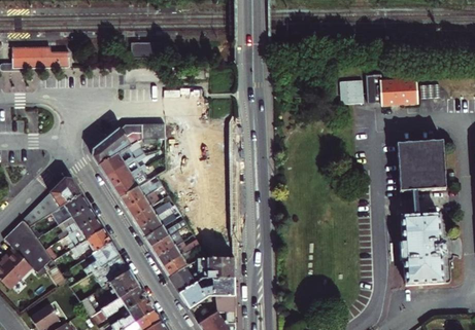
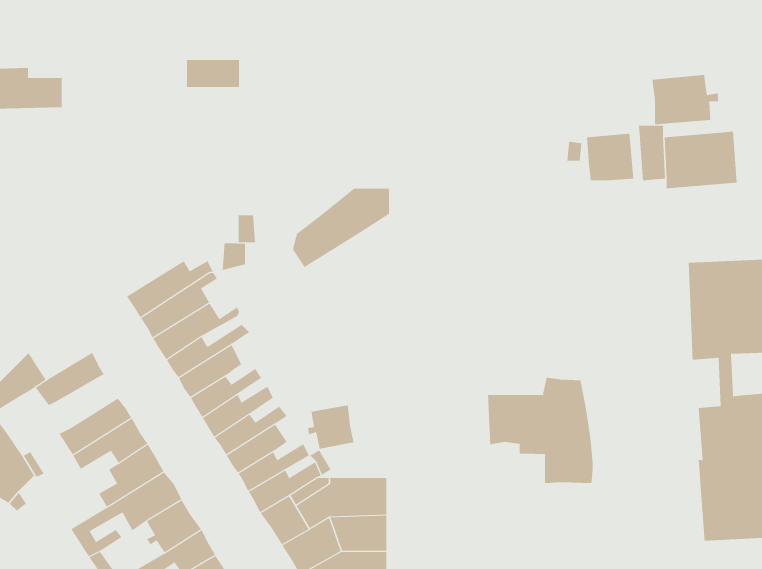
building: none -> [652,74,719,125]
building: [95,123,145,164] -> [292,188,390,268]
building: [50,177,83,208] -> none
building: [65,205,97,232] -> none
building: none -> [488,377,593,484]
building: none -> [307,405,354,450]

